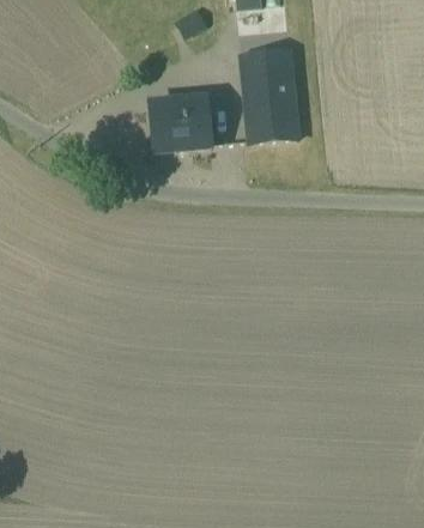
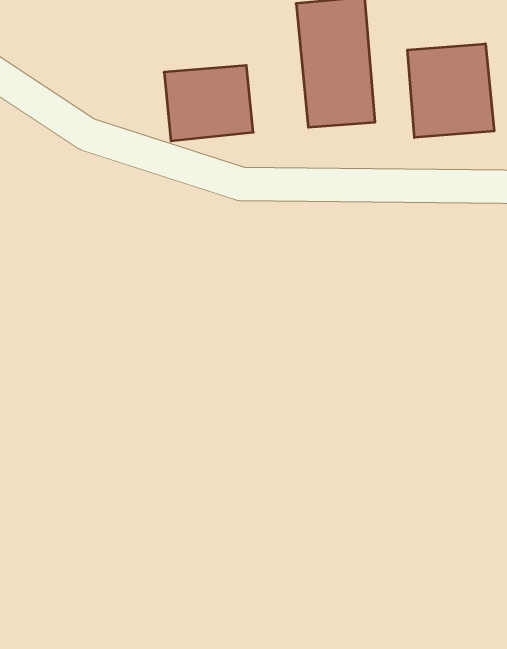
building: none -> [408,44,494,138]

